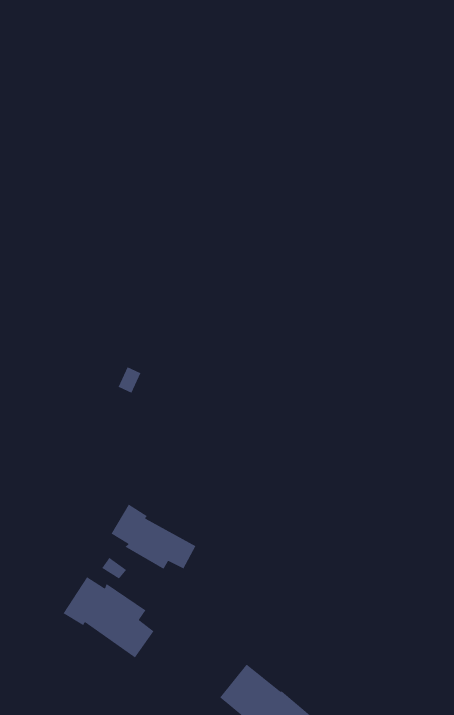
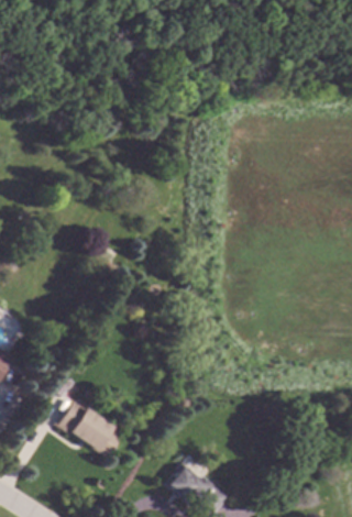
building: [111,504,196,570] -> none

